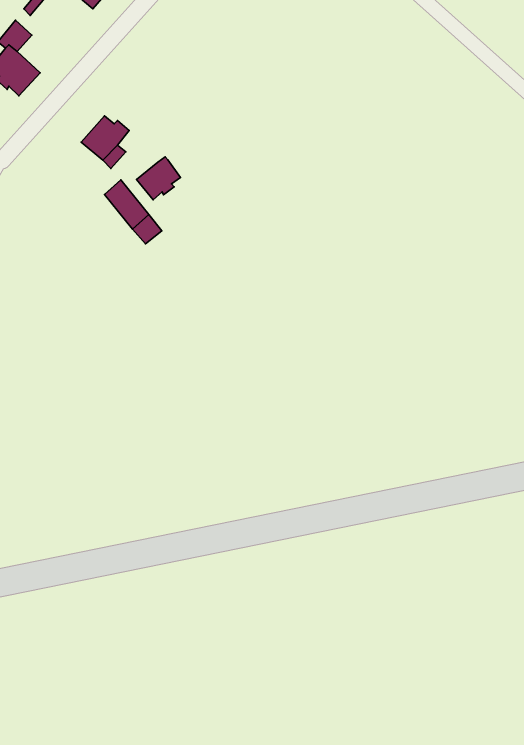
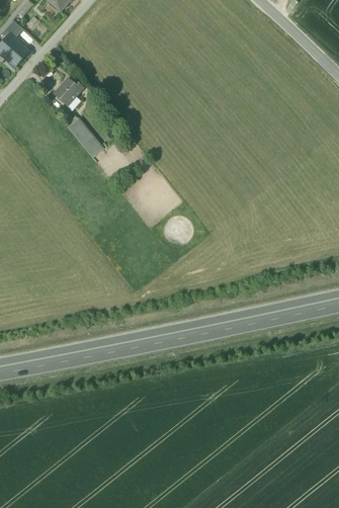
building: [136,157,181,200] -> none

